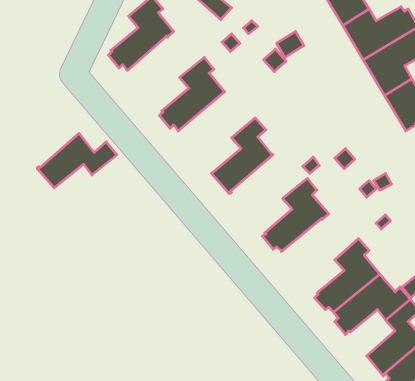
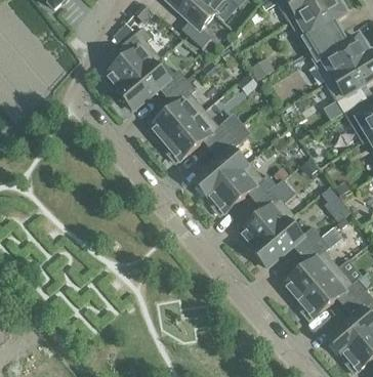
building: none -> [166,110,233,162]
building: [37,133,117,188] -> [120,61,189,109]
building: none -> [211,161,278,214]
building: none -> [253,219,322,266]

